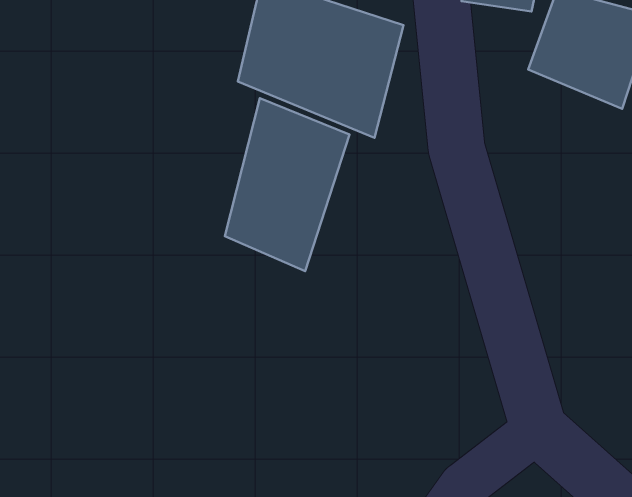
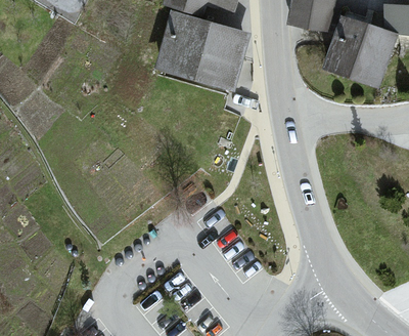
building: [225,98,350,271] -> none

